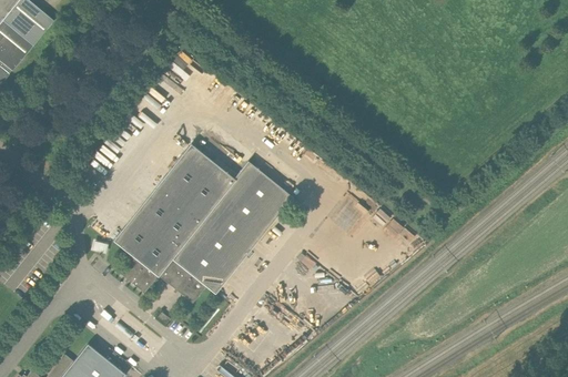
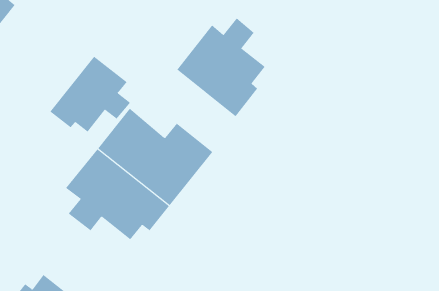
building: none -> [176,17,266,117]
building: none -> [50,56,131,133]

